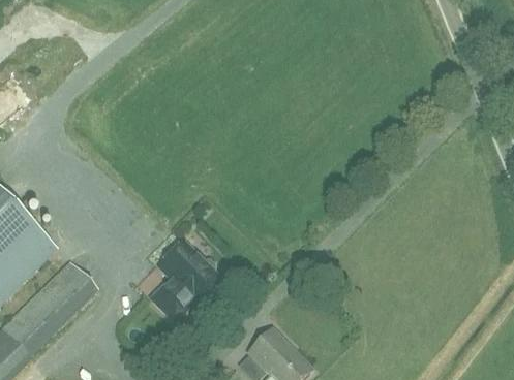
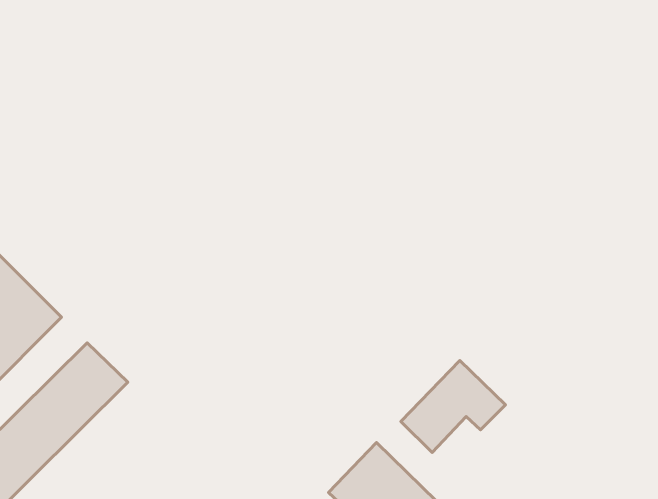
building: [147,234,225,320] -> none
building: none -> [401,361,505,452]

